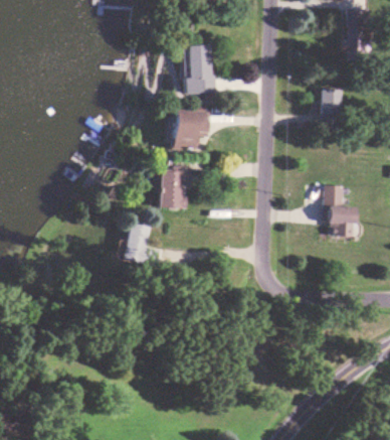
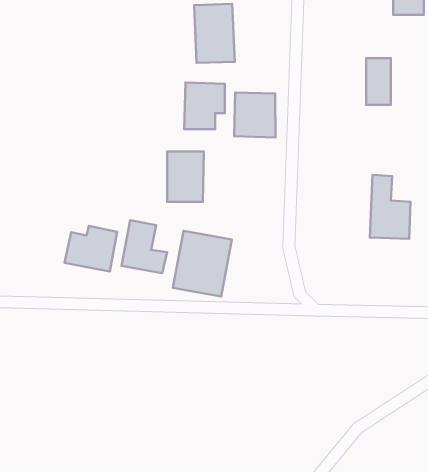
building: none -> [234,92,275,137]
building: none -> [65,226,117,271]
building: none -> [173,231,232,297]

